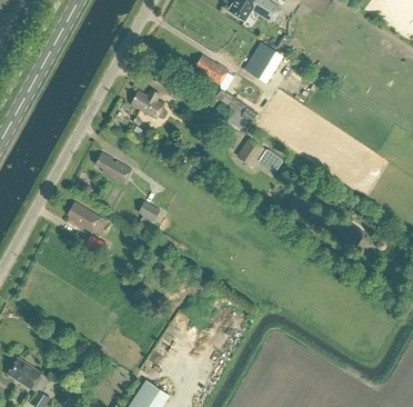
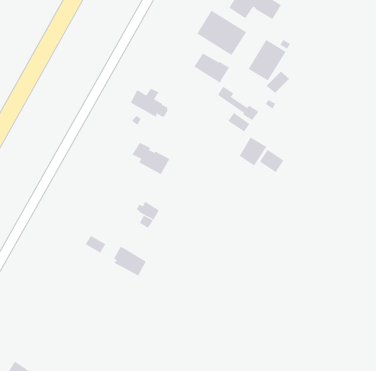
building: none -> [196,10,247,56]
building: [94,151,132,183] -> [132,142,170,175]
building: [68,201,100,231] -> [114,246,146,276]

